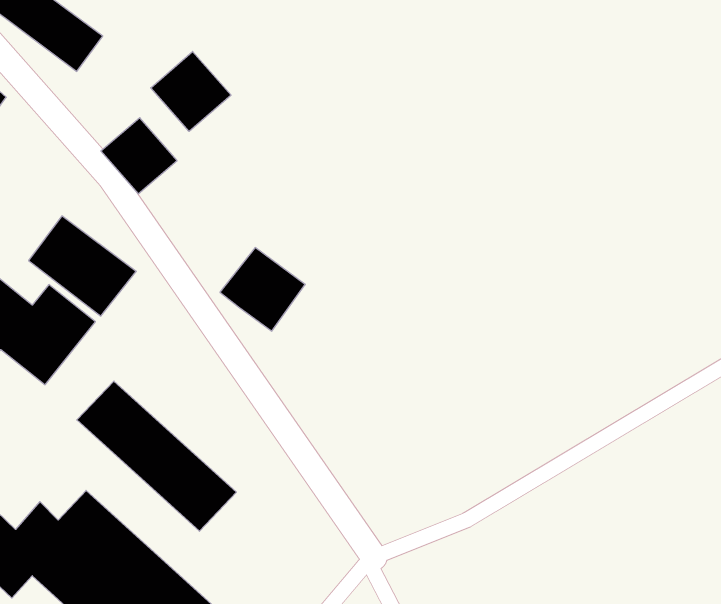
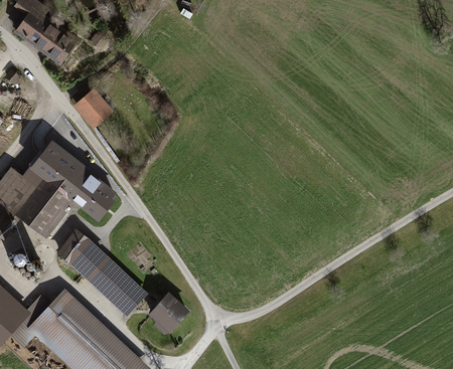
building: [151,51,231,131] -> none
building: [220,248,305,331] -> [72,172,119,217]
building: none -> [148,292,188,332]

